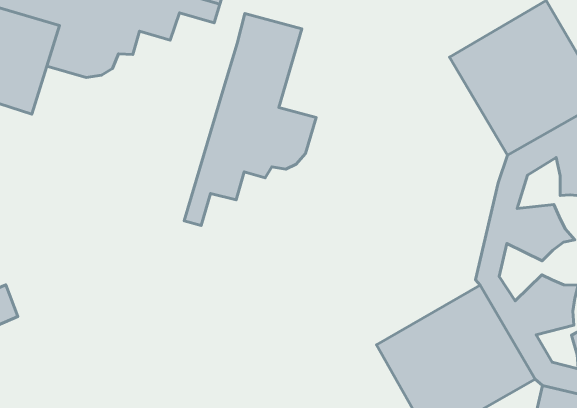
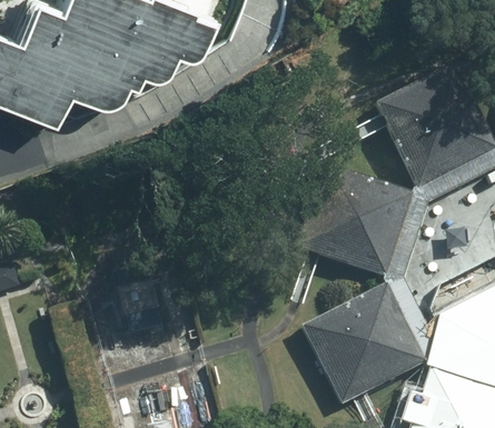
building: [184,14,316,226] -> none
building: none -> [309,182,408,280]

